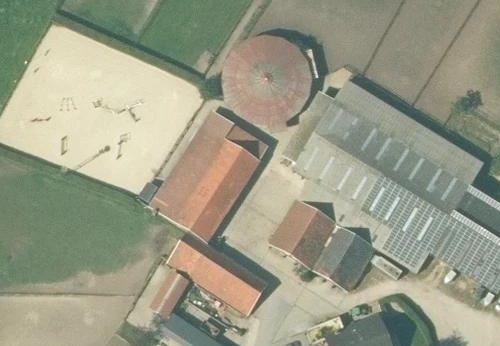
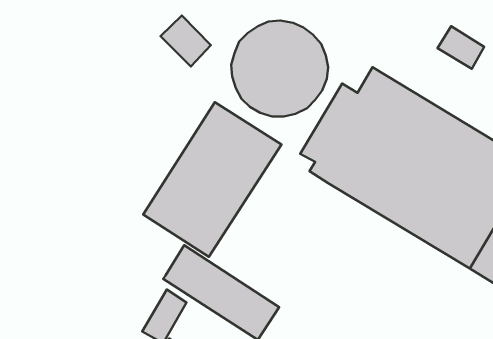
building: none -> [160,15,211,67]
building: none -> [438,26,484,69]
building: [270,179,430,291] -> none

